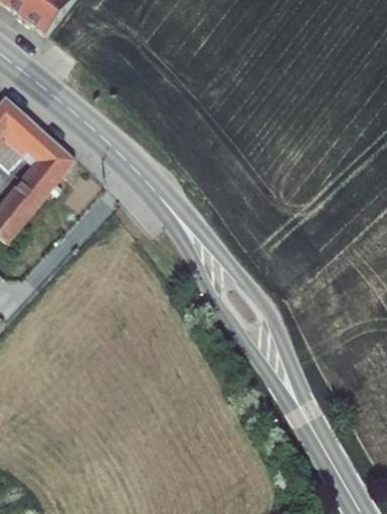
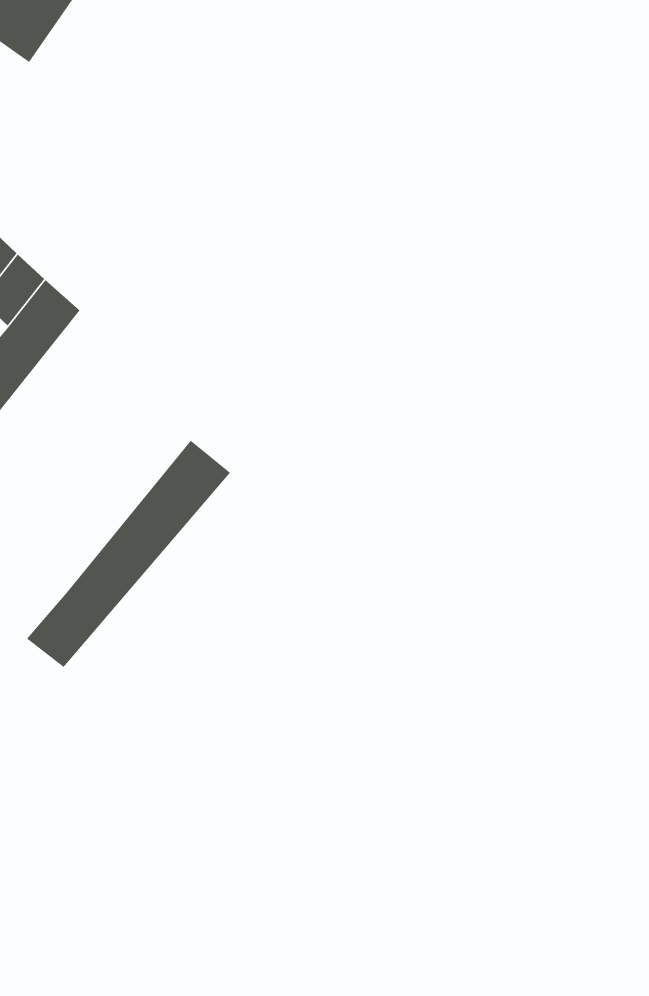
building: none -> [26,440,231,668]

